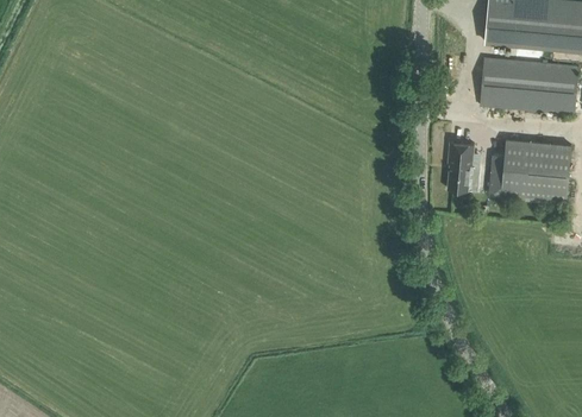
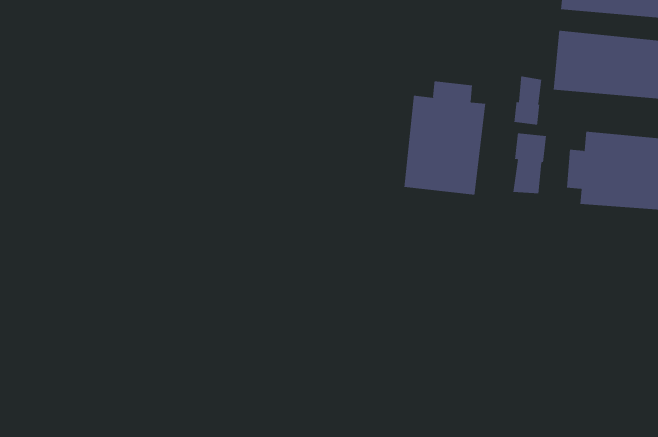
building: none -> [514,76,542,125]
building: none -> [404,80,486,195]

